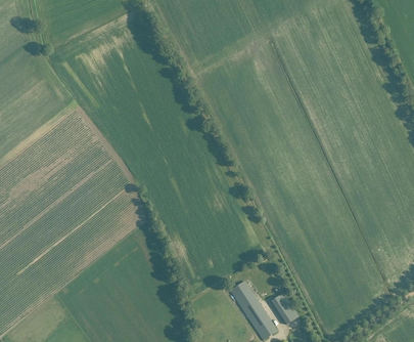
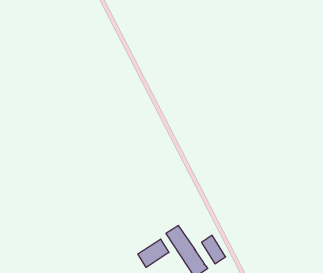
building: none -> [138,239,169,267]

